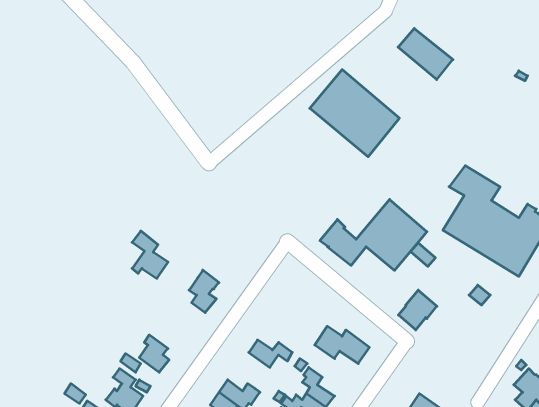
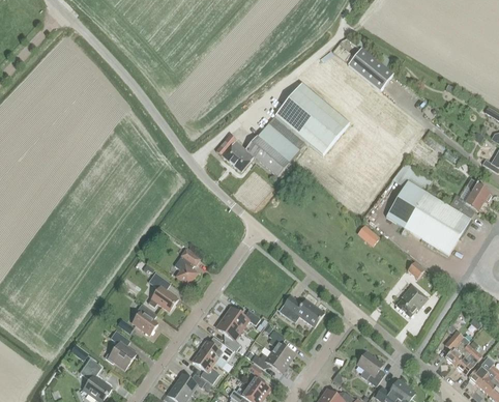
building: [320,199,427,270] -> [215,116,304,175]
building: [132,231,168,278] -> [148,271,178,311]
building: [398,290,437,330] -> [395,284,428,317]
building: none -> [216,317,241,350]

